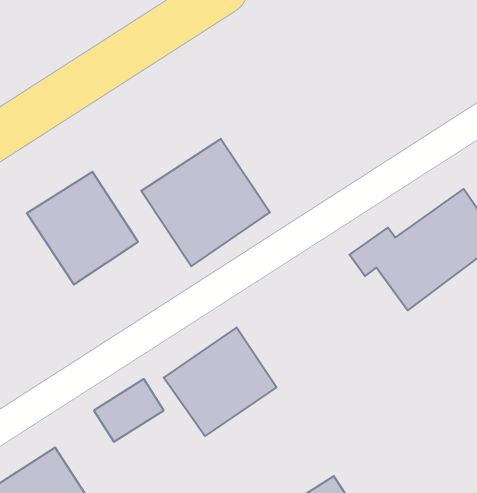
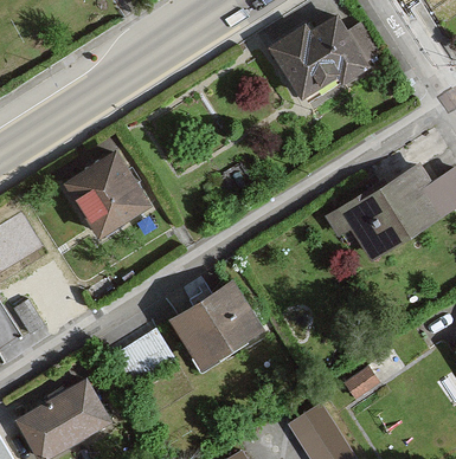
building: none -> [266,17,371,105]
building: [141,139,270,266] -> none

